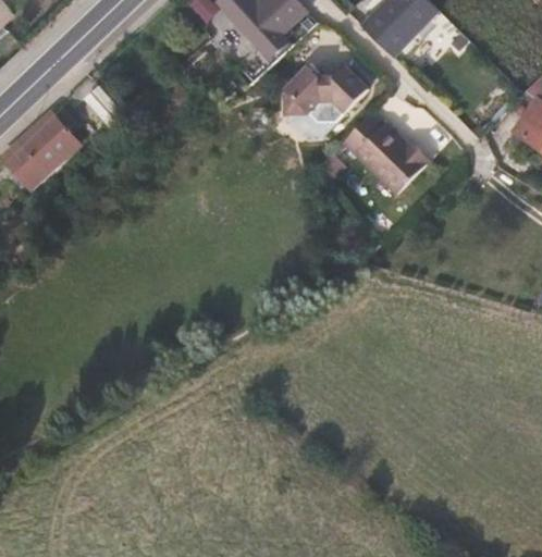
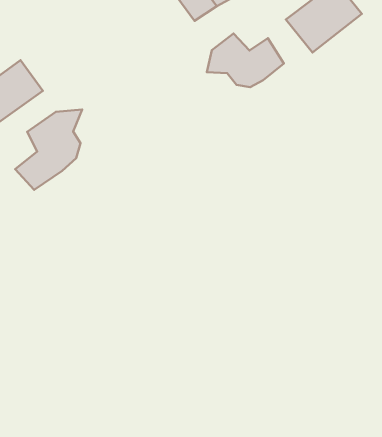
building: [340,110,427,195] -> none
building: none -> [15,110,82,190]

